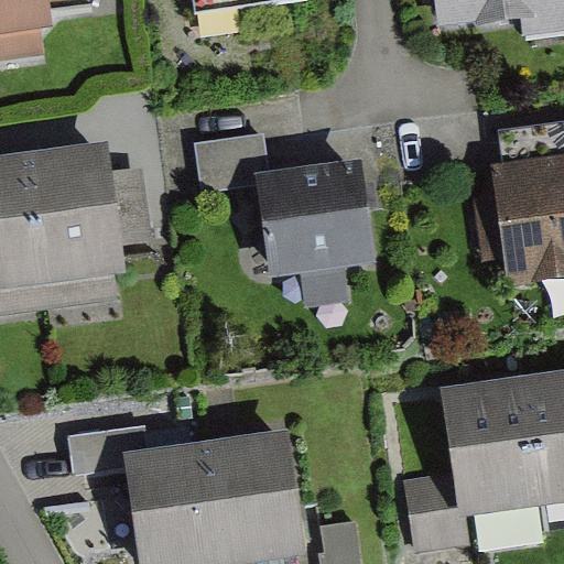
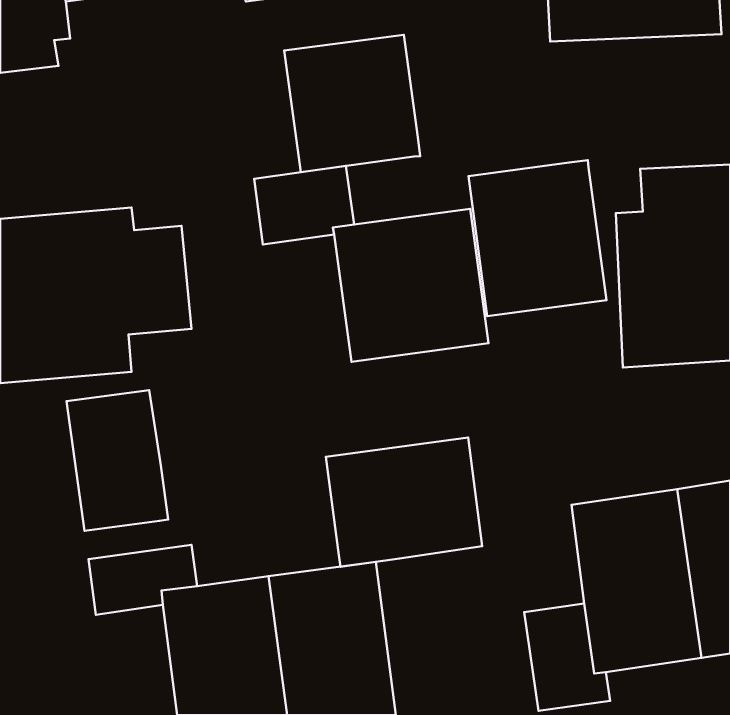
building: none -> [284,35,420,172]
building: none -> [468,160,607,316]
building: none -> [67,390,168,531]
building: none -> [326,438,482,567]

